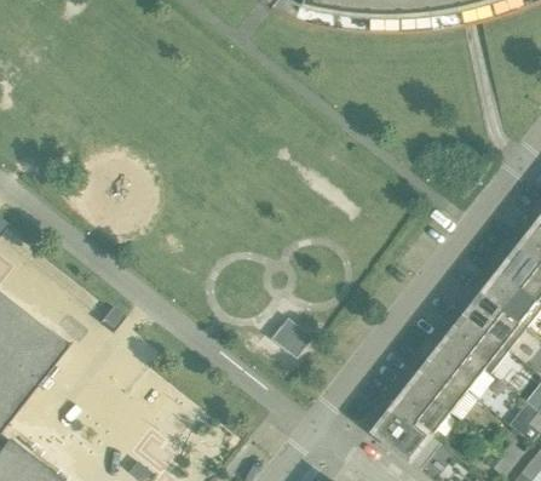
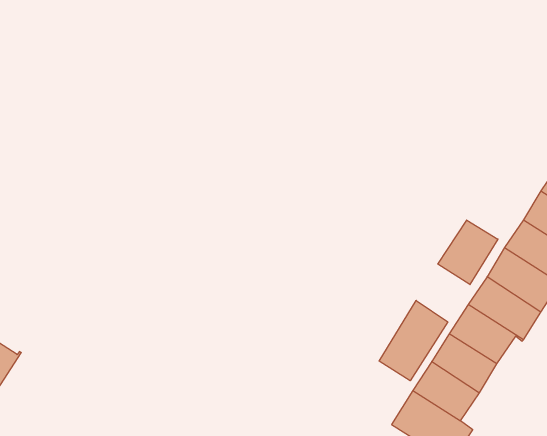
building: none -> [438,220,498,285]
building: [271,311,317,356] -> none
building: none -> [379,300,448,381]

